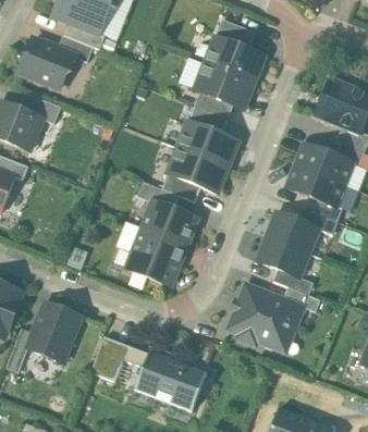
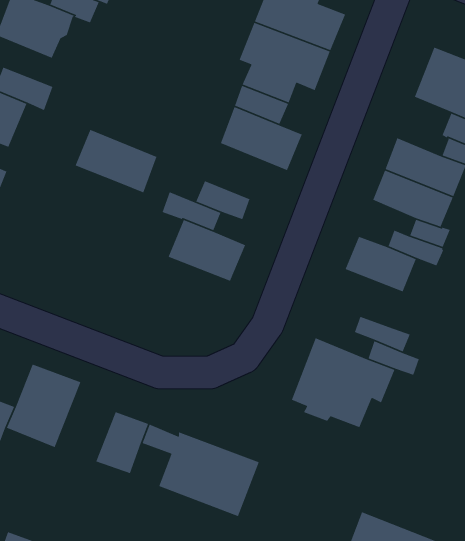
building: [168,147,226,193] -> [75,129,158,193]
building: [126,227,186,285] -> none
building: [257,236,308,276] -> none

